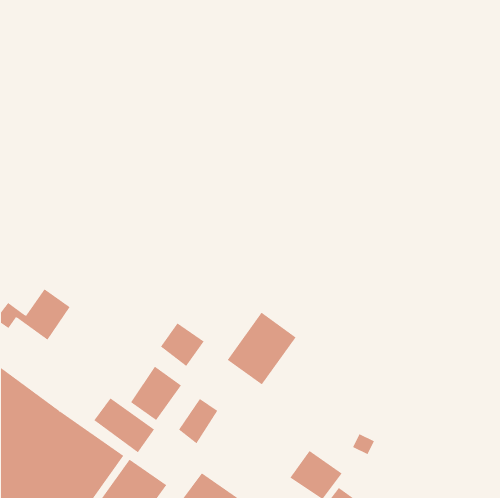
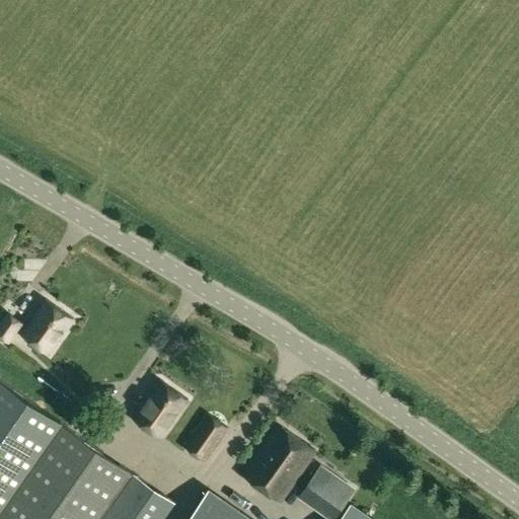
building: [227,312,296,385] -> [244,426,316,502]
building: [160,322,204,367] -> none
building: [94,397,155,453] -> none

